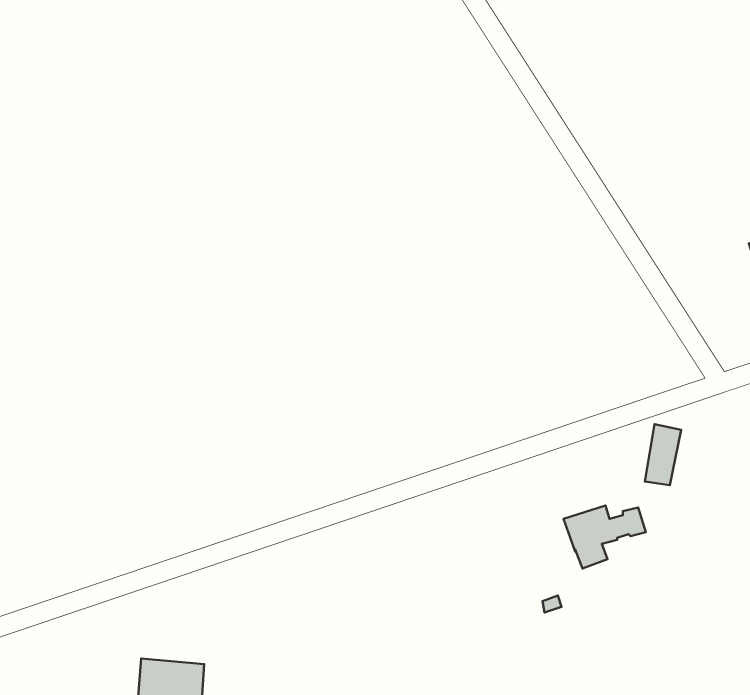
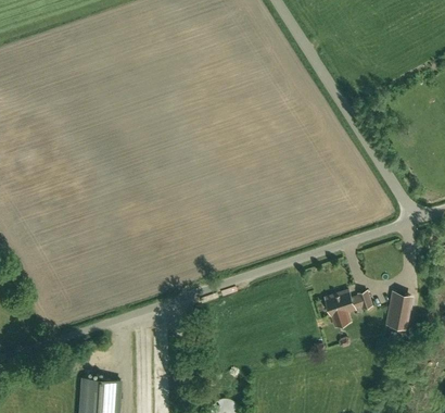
building: [645,424,681,485] -> [385,292,406,327]

